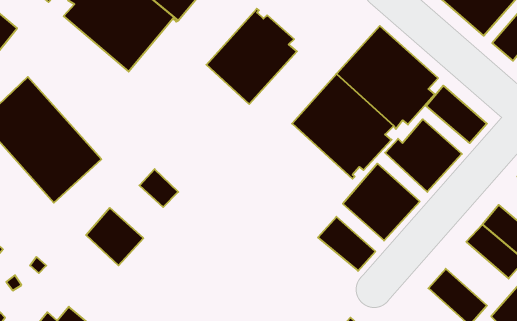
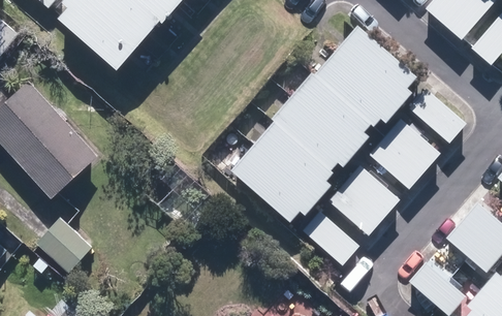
building: [206,9,297,104] -> none
building: none -> [238,125,338,225]
building: [86,208,143,265] -> [36,218,91,273]

